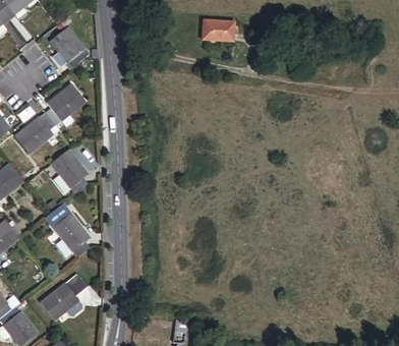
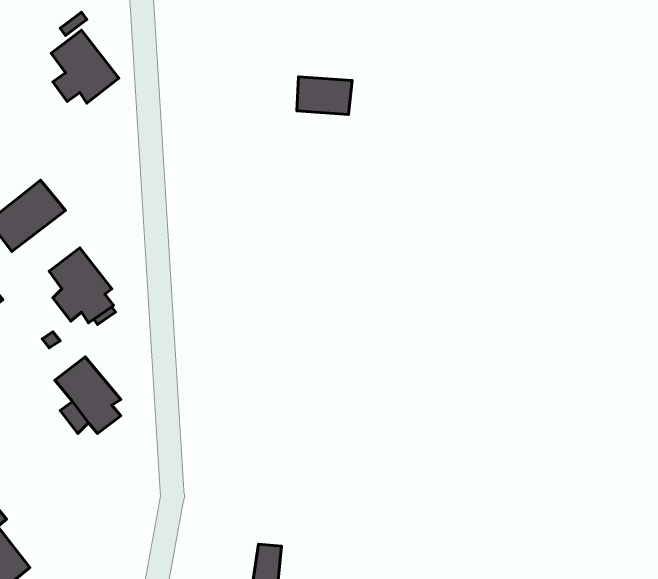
building: [201,18,232,40] -> [297,77,352,114]
building: [45,83,86,124] -> none
building: [41,274,86,319] -> none

